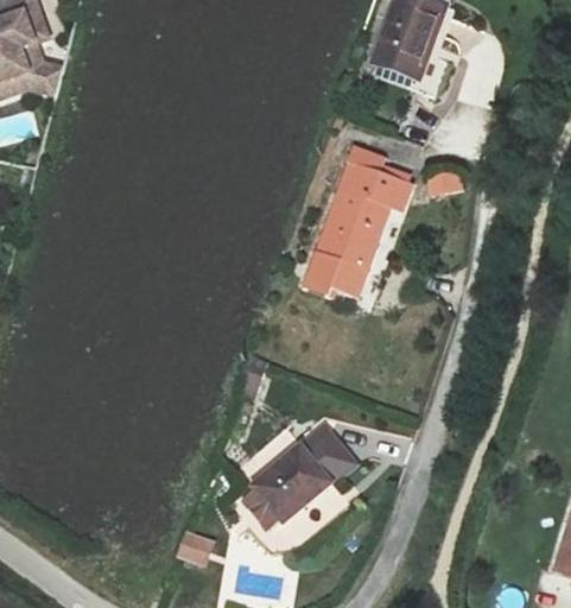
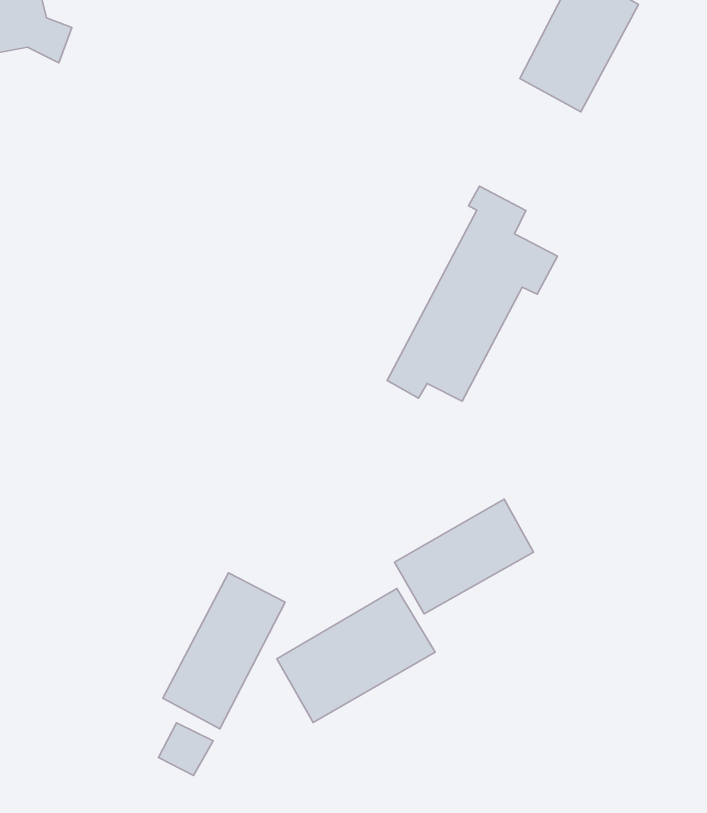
building: none -> [394,499,533,614]
building: none -> [163,573,285,729]

